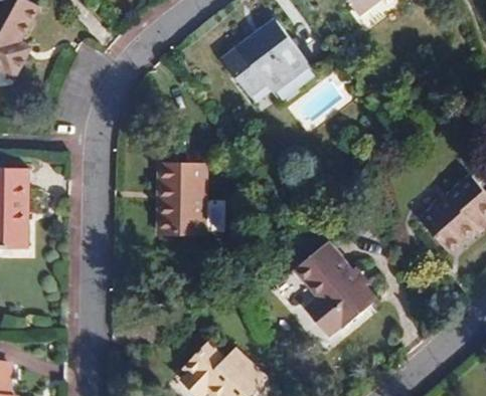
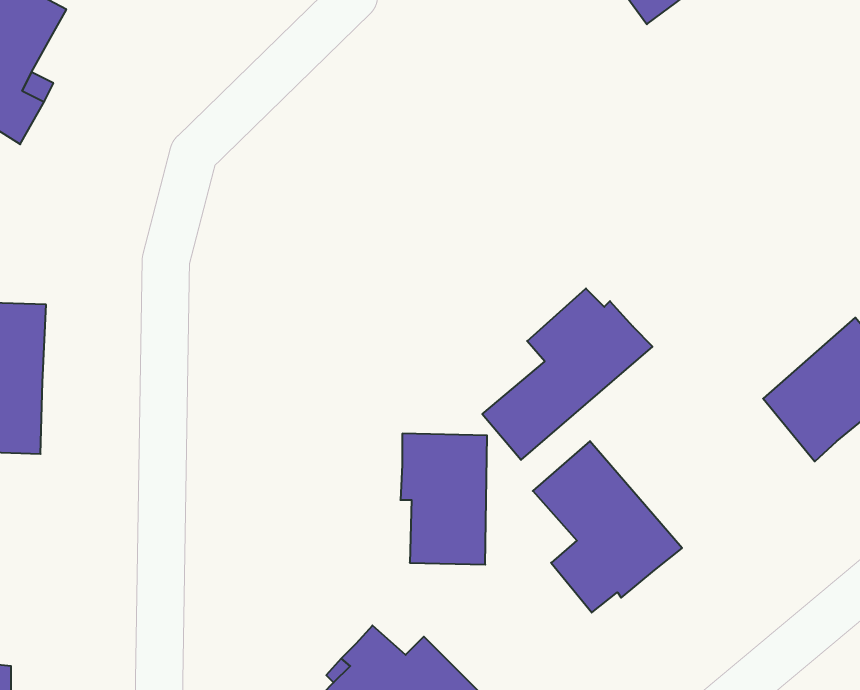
building: [221,20,309,95] -> none
building: none -> [482,288,652,460]
building: [158,164,205,235] -> [400,434,487,565]

